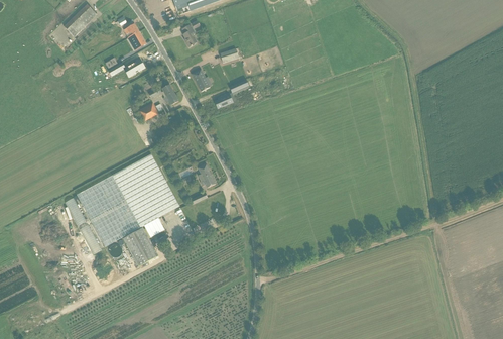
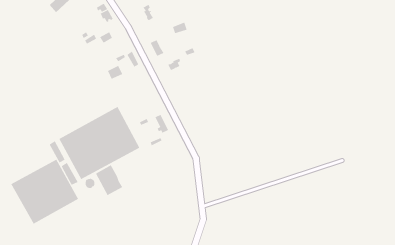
building: none -> [11,159,79,224]

